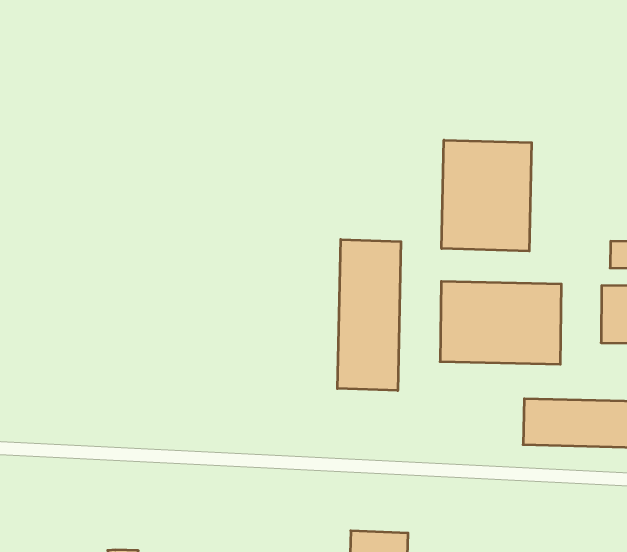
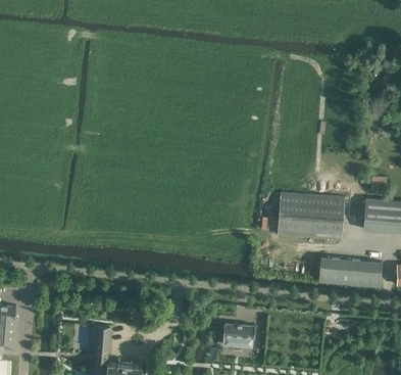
building: [442,140,532,251] -> none
building: [337,239,401,391] -> none

